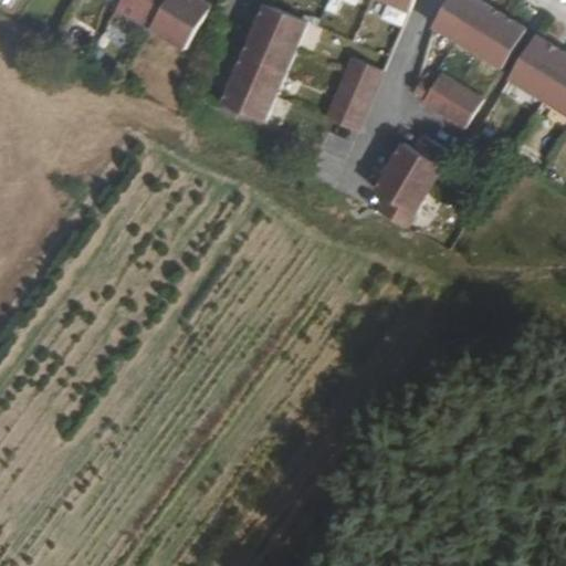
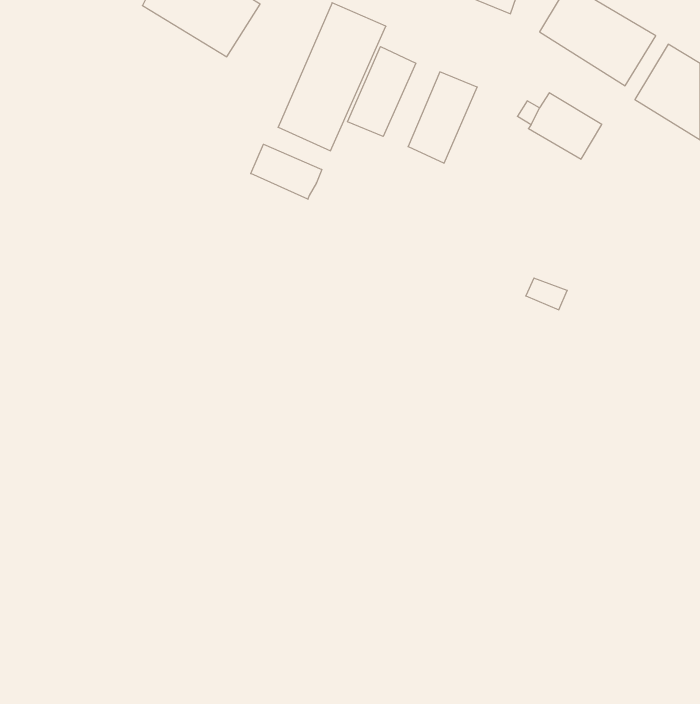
building: none -> [348,47,416,136]
building: none -> [251,144,322,199]
building: [375,135,449,226] -> none

